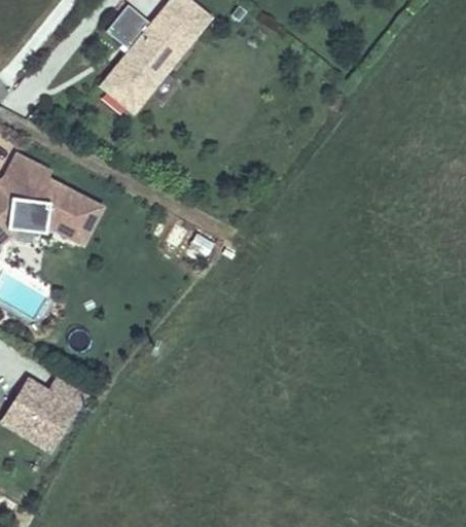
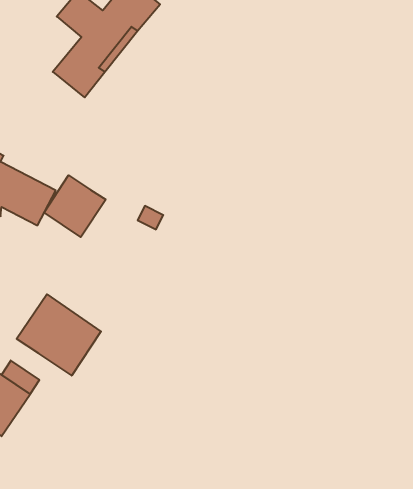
building: none -> [44,175,106,237]
building: none -> [17,294,101,376]

